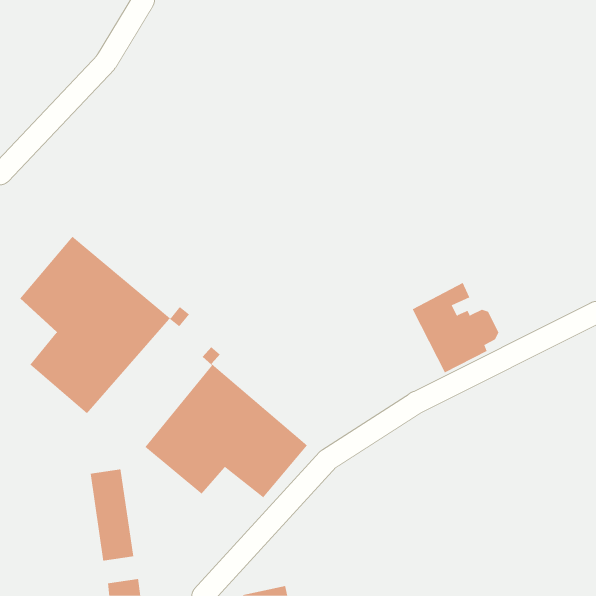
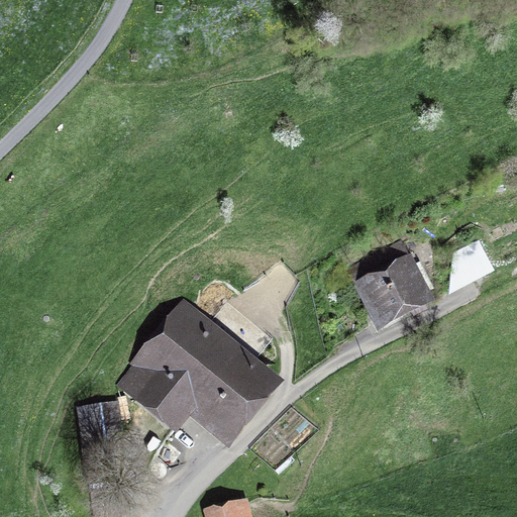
building: [20,236,190,414] -> none

